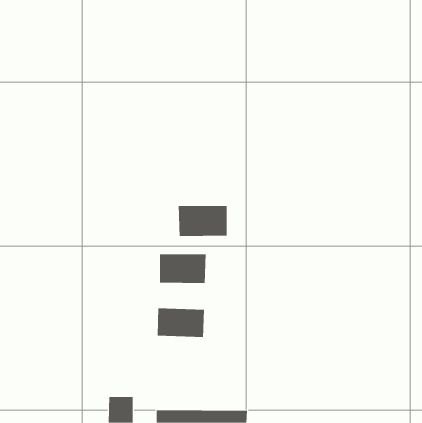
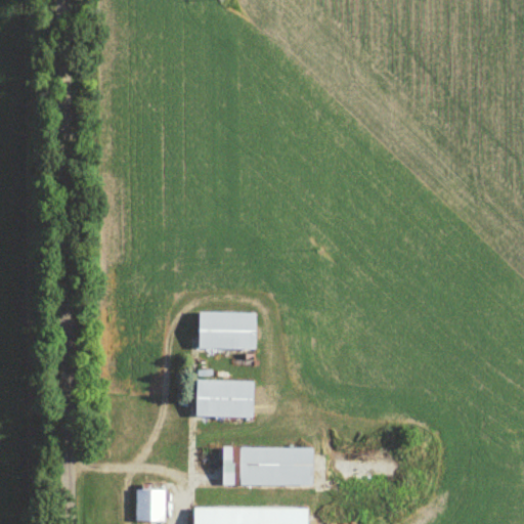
building: [178,205,227,237] -> none
building: none -> [224,448,313,487]

